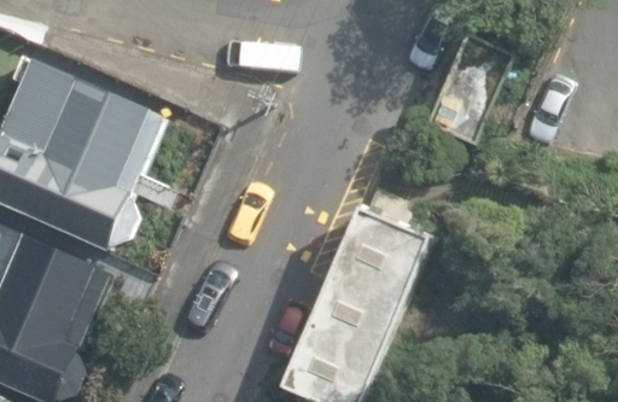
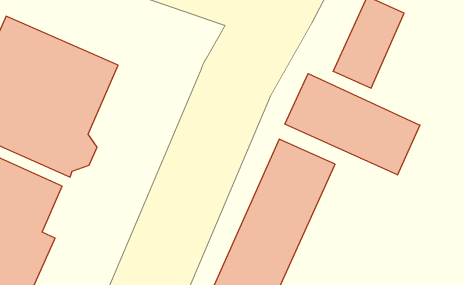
building: none -> [285,74,420,175]

